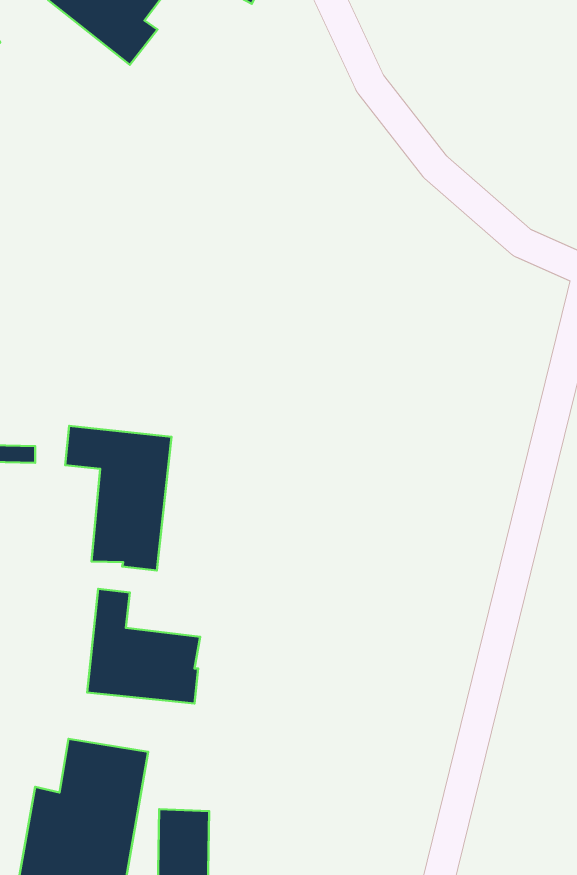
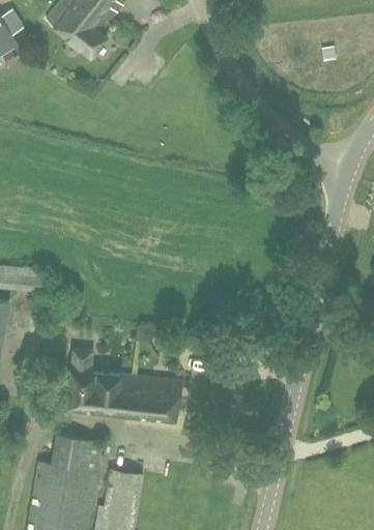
building: [65,426,172,570] -> none
building: none -> [130,376,184,418]

